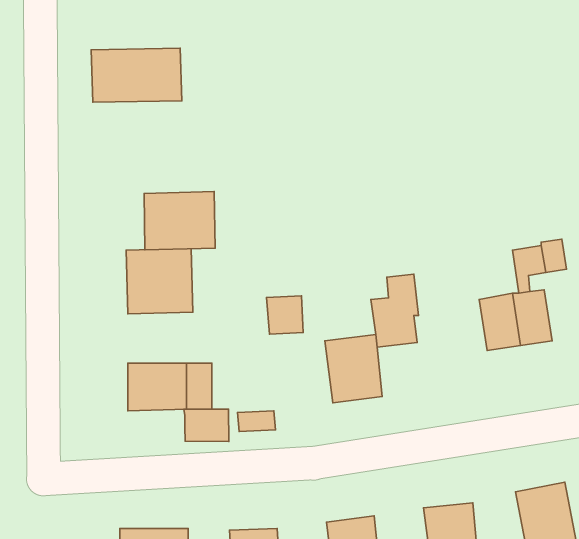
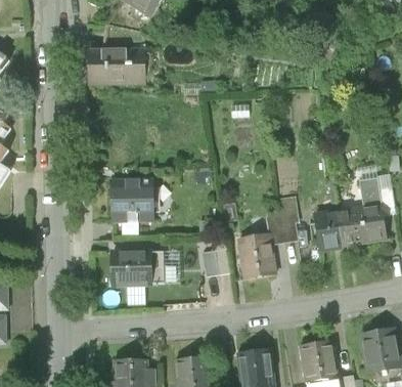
building: [144,192,215,250] -> none
building: [266,296,303,334] -> [205,248,228,272]
building: none -> [317,212,342,248]
building: [184,409,229,442] -> none

